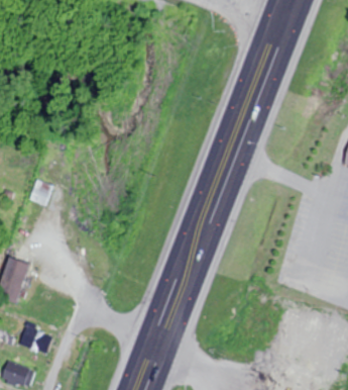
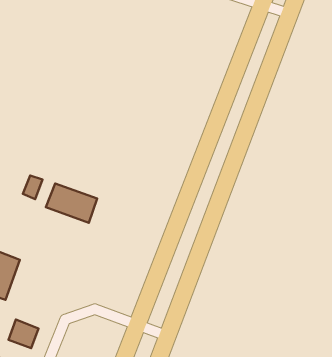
building: none -> [46,183,97,223]

